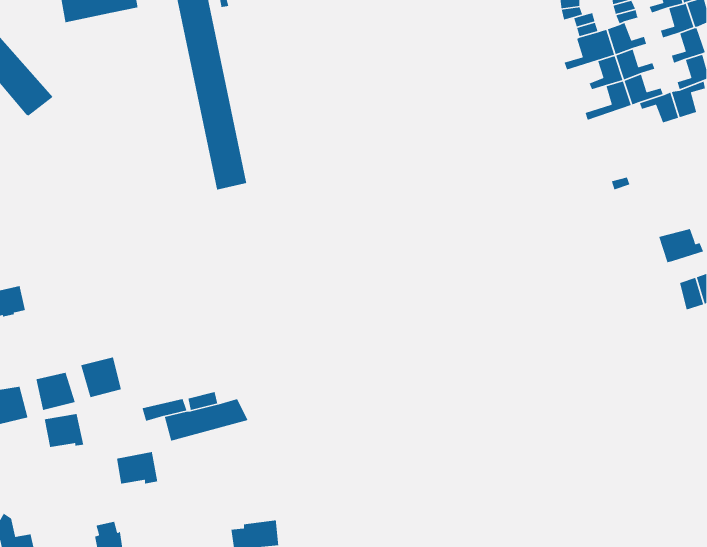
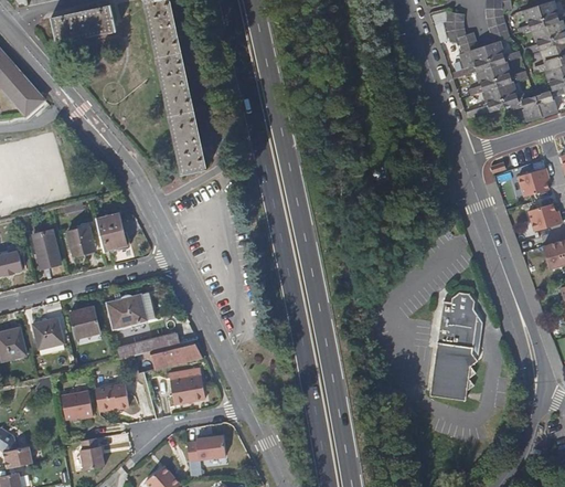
building: none -> [515,169,547,198]
building: none -> [97,213,127,251]
building: none -> [68,226,95,254]
building: none -> [34,232,61,268]
building: none -> [105,290,153,328]
building: none -> [429,292,478,400]
building: [44,413,84,448] -> [62,390,94,417]
building: none -> [170,374,205,404]

